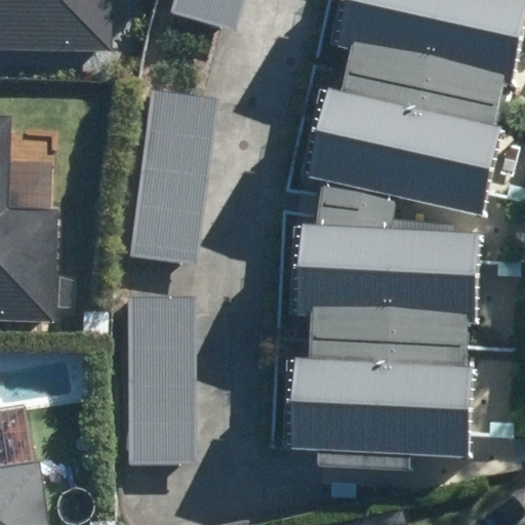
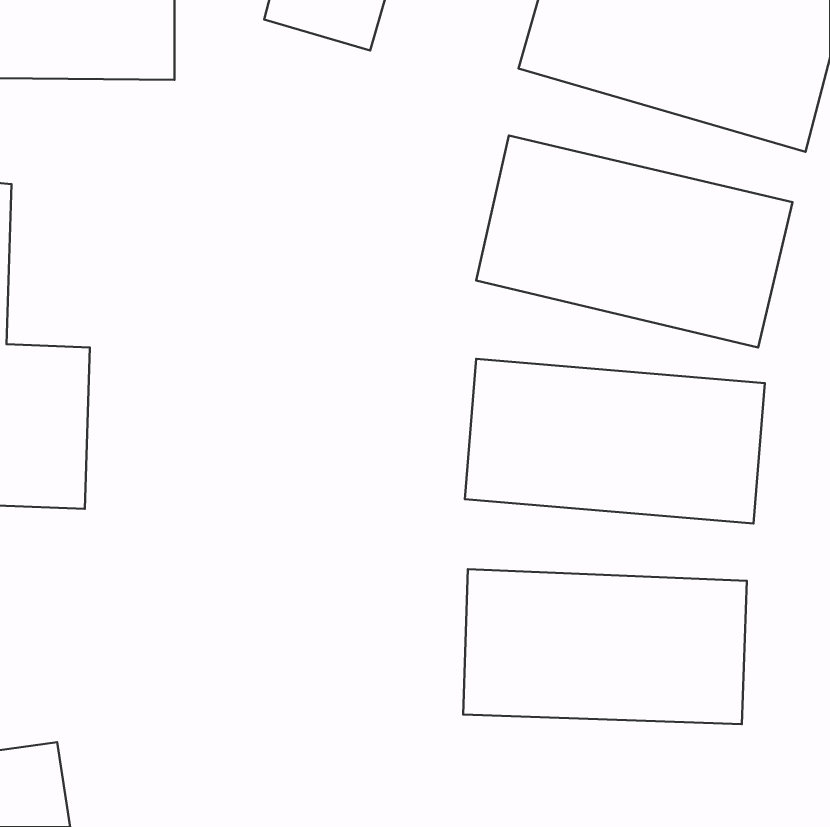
building: [126,78,225,265] -> none
building: [125,298,194,459] -> none

